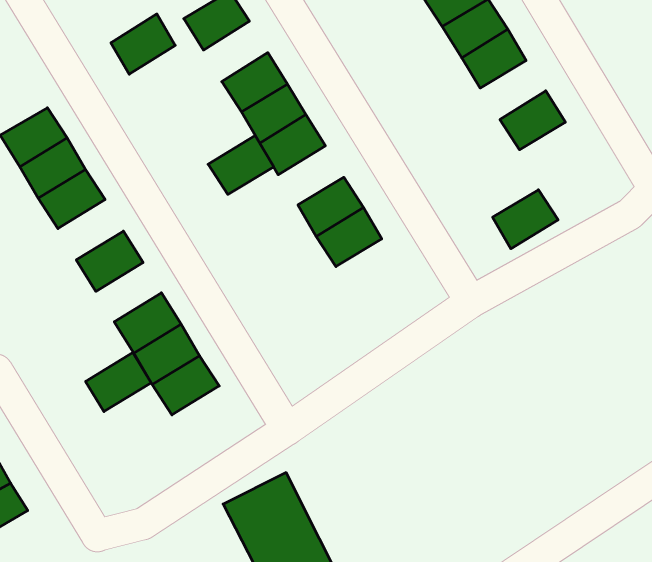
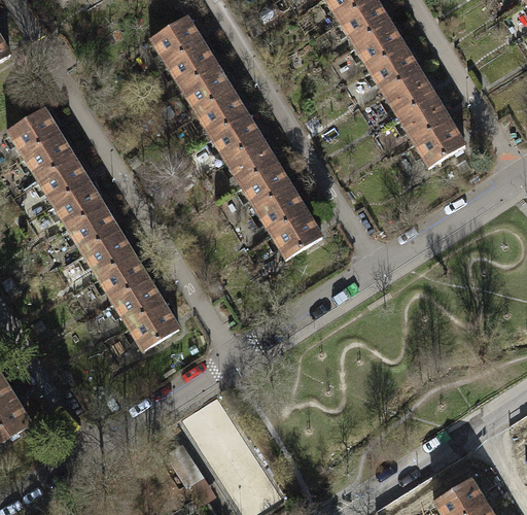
building: [111,14,175,74] -> [167,40,217,88]
building: none -> [384,71,435,117]
building: [208,135,274,194] -> [225,138,277,184]
building: [493,190,558,249] -> [415,119,466,166]
building: none -> [52,180,104,228]
building: none -> [271,211,322,258]
building: [86,353,151,412] -> [82,230,134,276]

